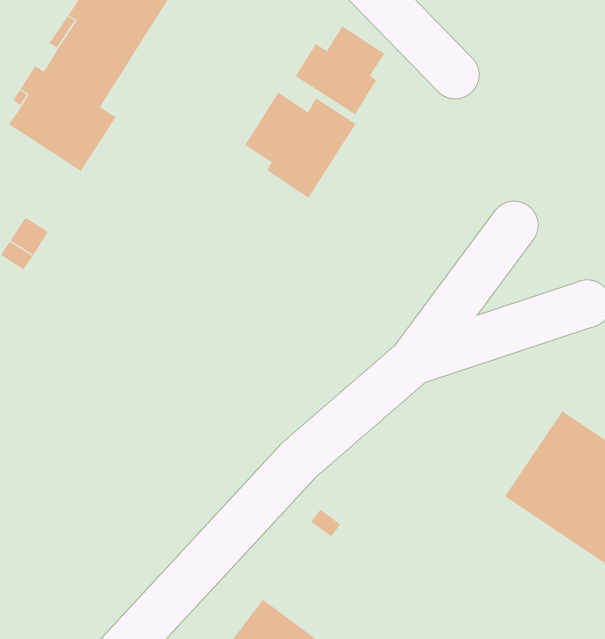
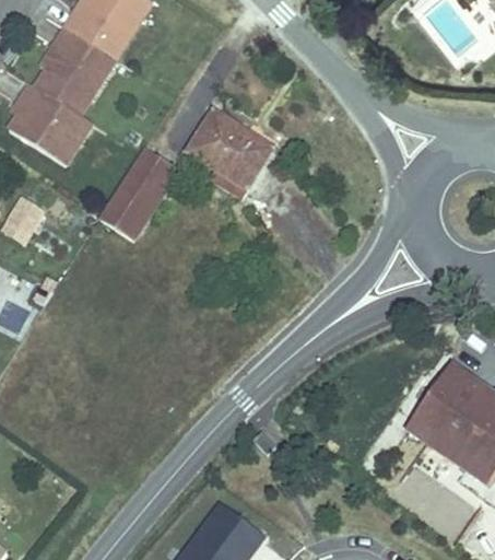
building: [295,26,385,115] -> none
building: none -> [97,151,175,242]

